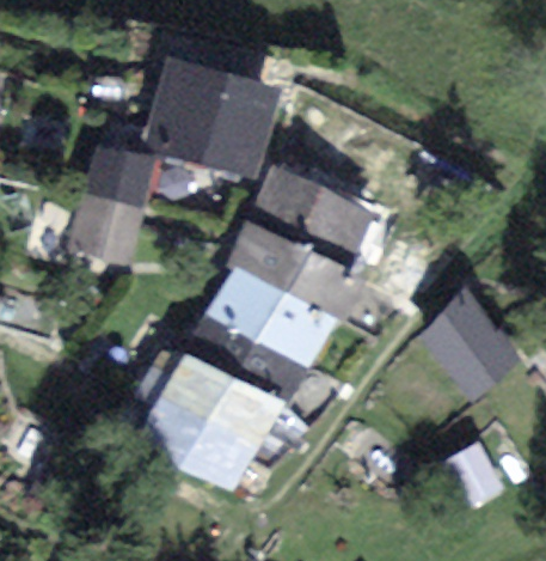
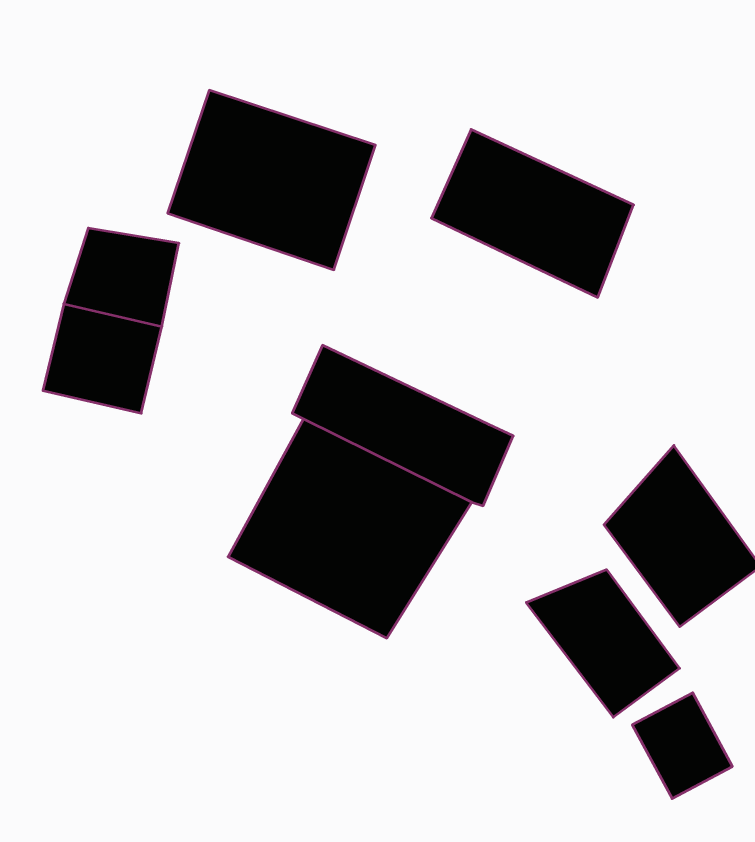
building: [243,165,370,272] -> [431,129,634,297]
building: [133,355,283,490] -> none
building: none -> [526,570,680,717]

